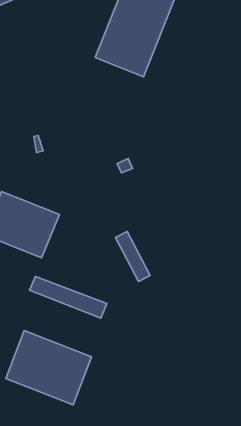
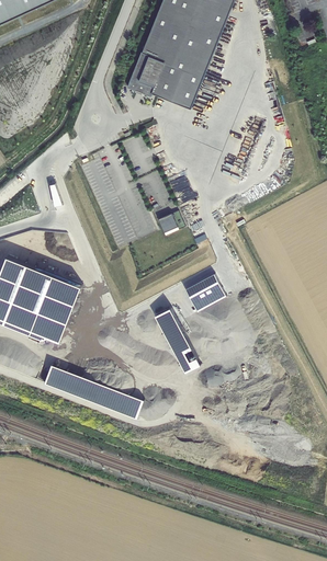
building: none -> [184,274,225,311]
building: [6,330,91,405] -> none

